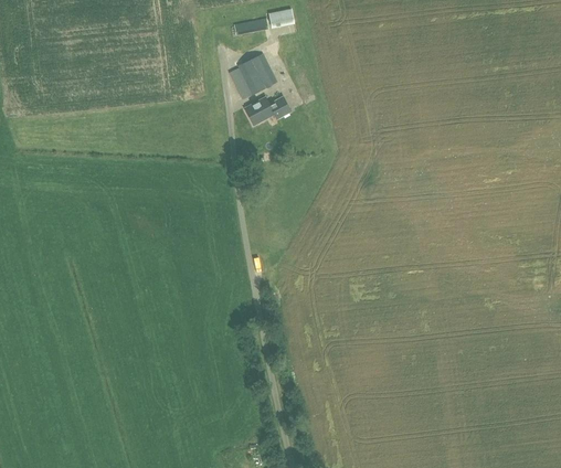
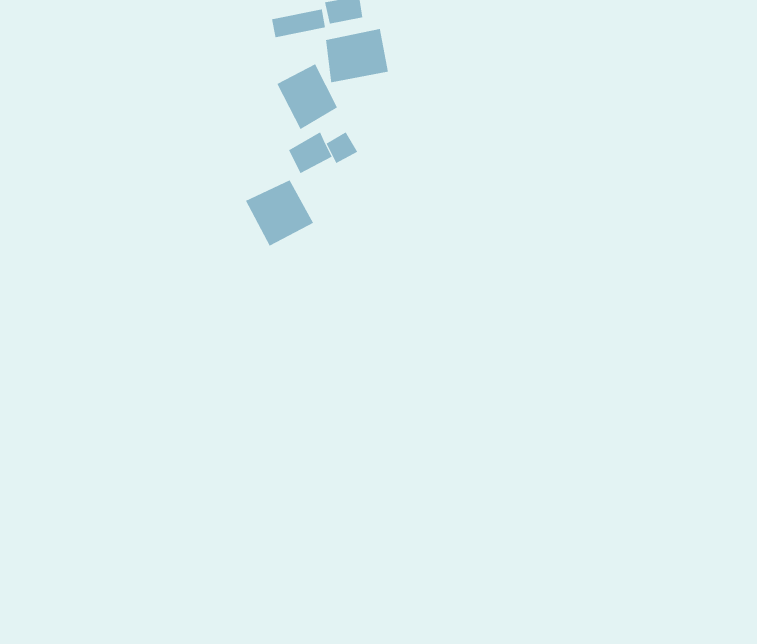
building: none -> [325,28,388,83]
building: none -> [245,180,314,246]

